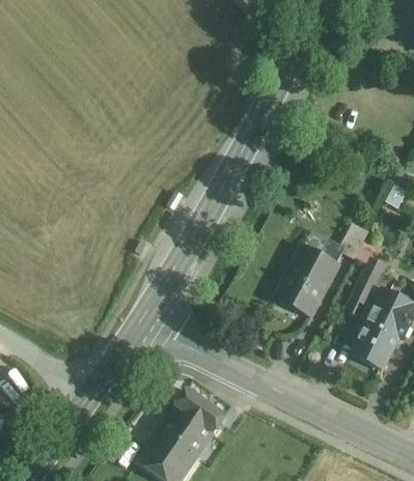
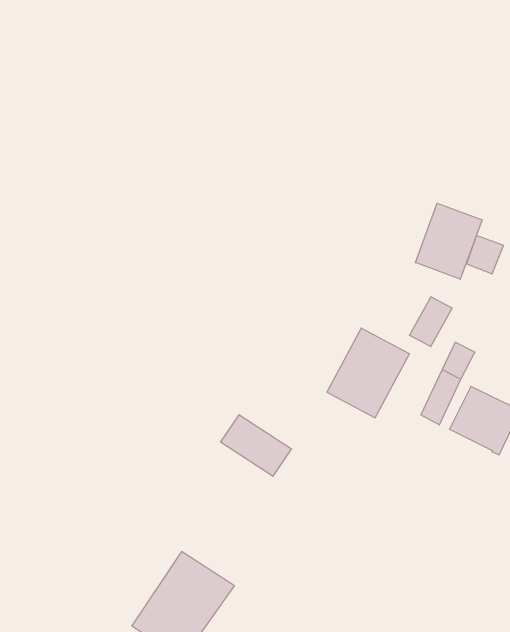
building: none -> [415,203,482,279]
building: [351,319,398,368] -> none
building: [172,389,224,433] -> [220,415,292,476]

